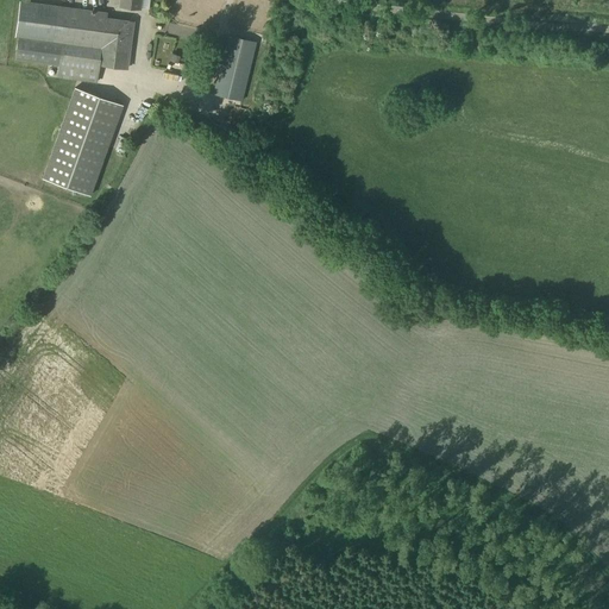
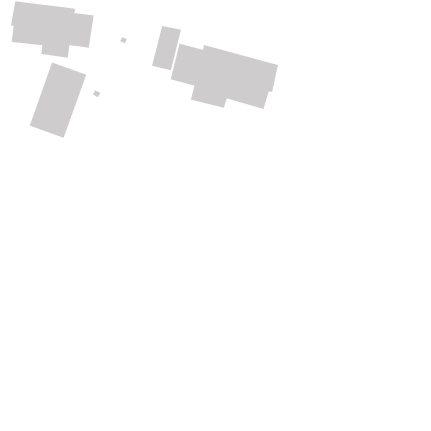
building: none -> [170,43,278,110]

